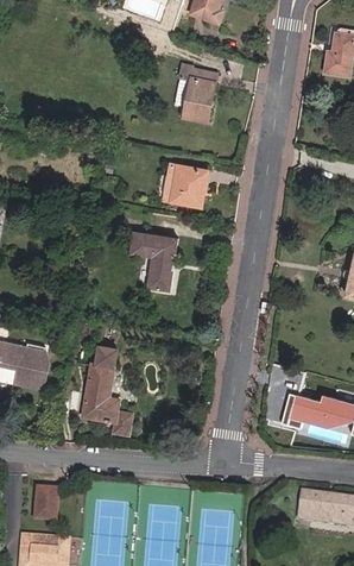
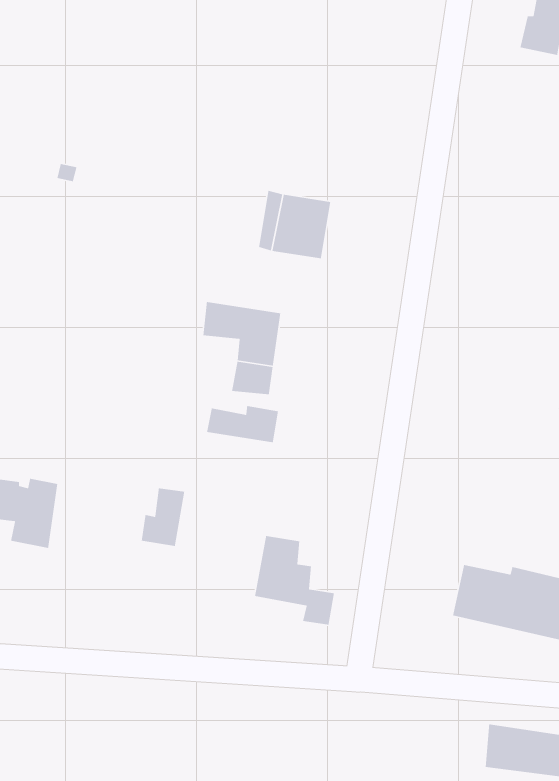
building: [177,67,219,124] -> none
building: none -> [206,405,279,443]
building: [81,377,131,433] -> [254,535,335,625]
building: [34,488,57,520] -> none

